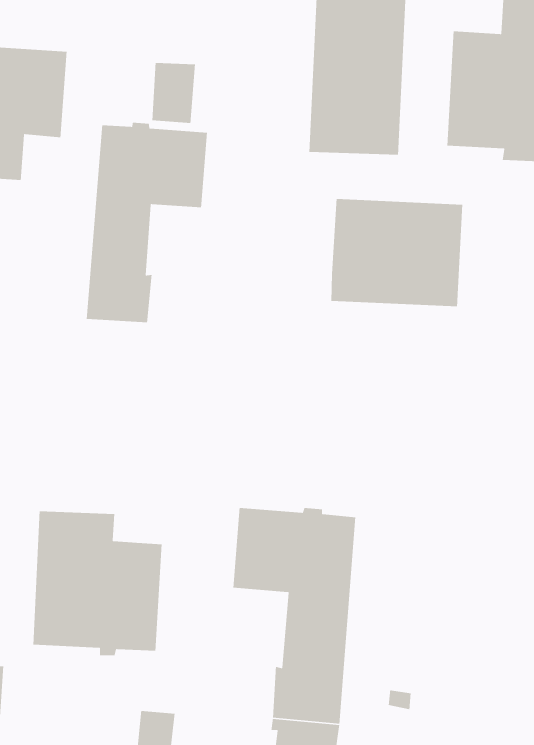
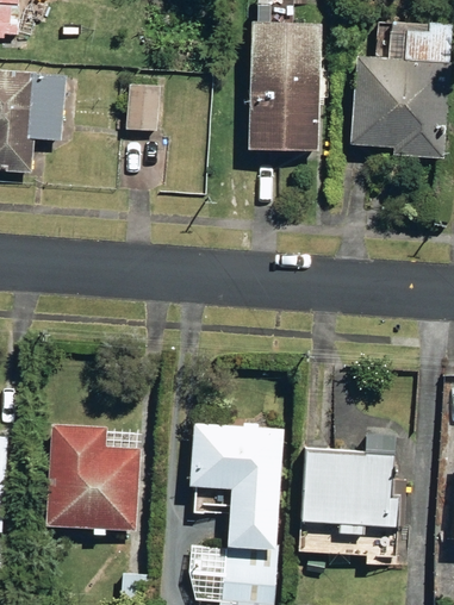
building: [86,122,208,323] -> none
building: [330,198,463,307] -> none
building: none -> [298,430,399,530]

